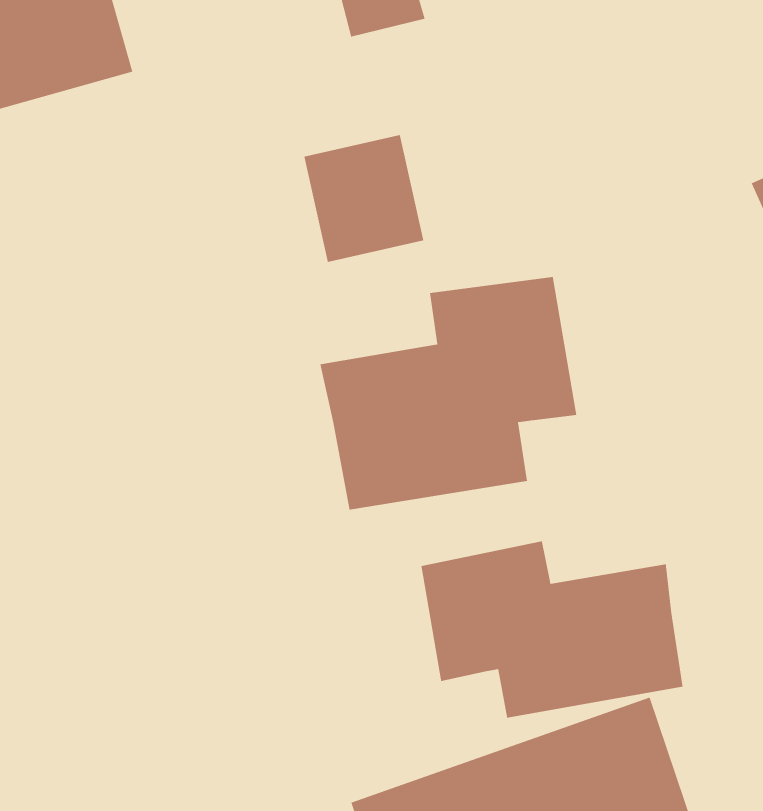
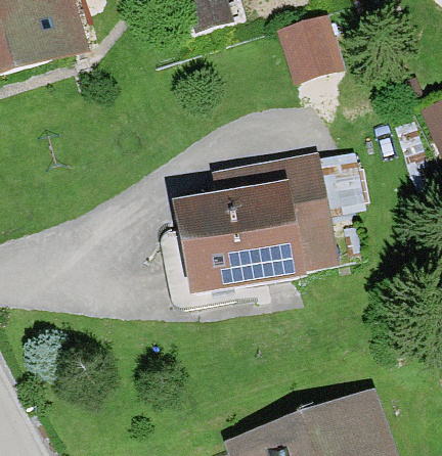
building: [303,134,424,262] -> [280,20,348,92]
building: [421,541,683,719] -> none

